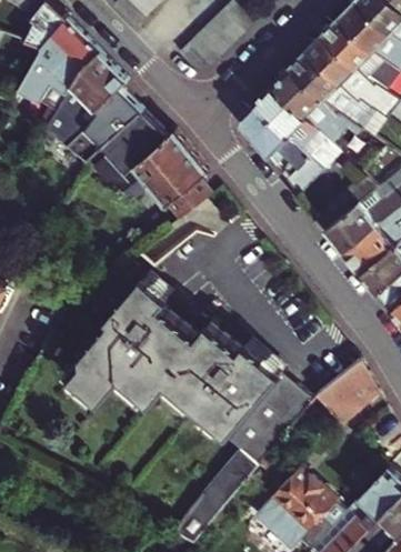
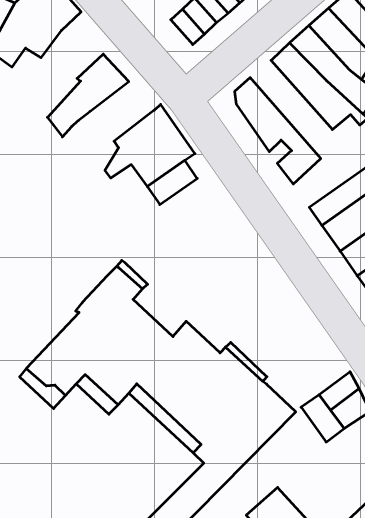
building: [38,52,127,149] -> none
building: [252,86,338,171] -> none
building: [92,112,168,193] -> none

